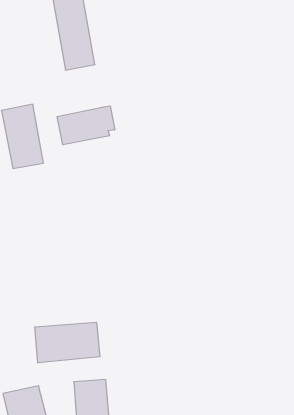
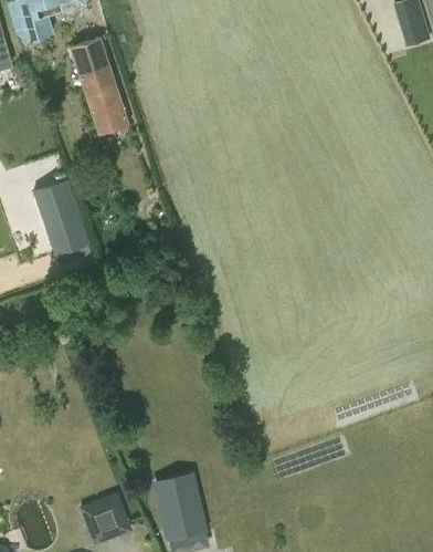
building: [57,106,115,145] -> none
building: [35,322,100,363] -> none

